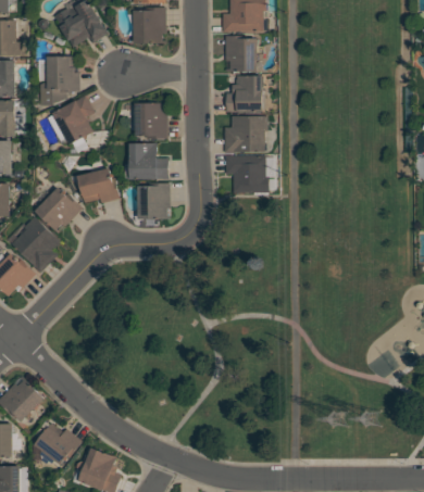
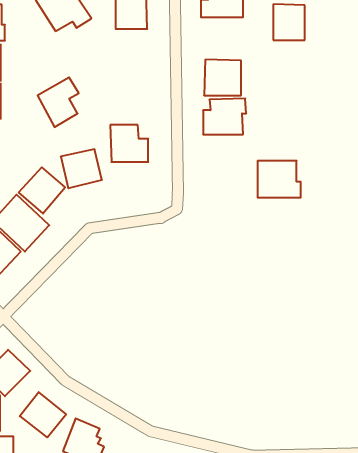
building: [225,36,258,73] -> [273,4,305,40]
building: [39,56,80,105] -> none
building: [134,103,167,140] -> none
building: [225,155,270,193] -> [258,161,301,198]
building: [137,184,170,220] -> none

